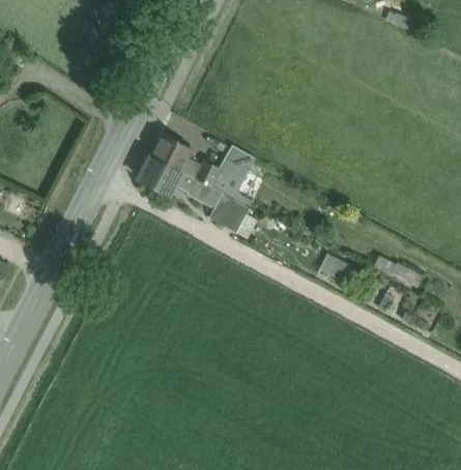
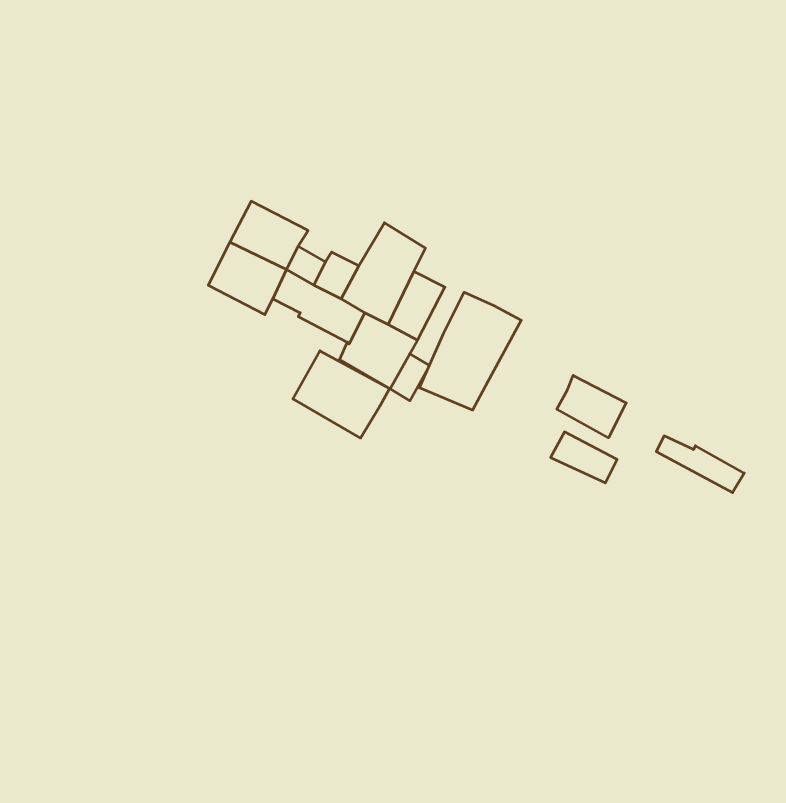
building: none -> [419,292,521,410]
building: none -> [293,351,390,438]
building: none -> [557,375,626,438]

